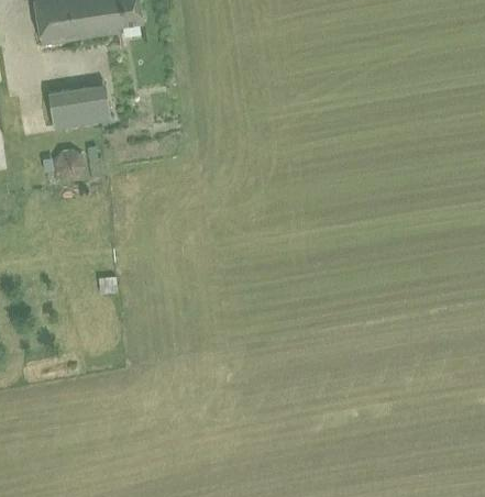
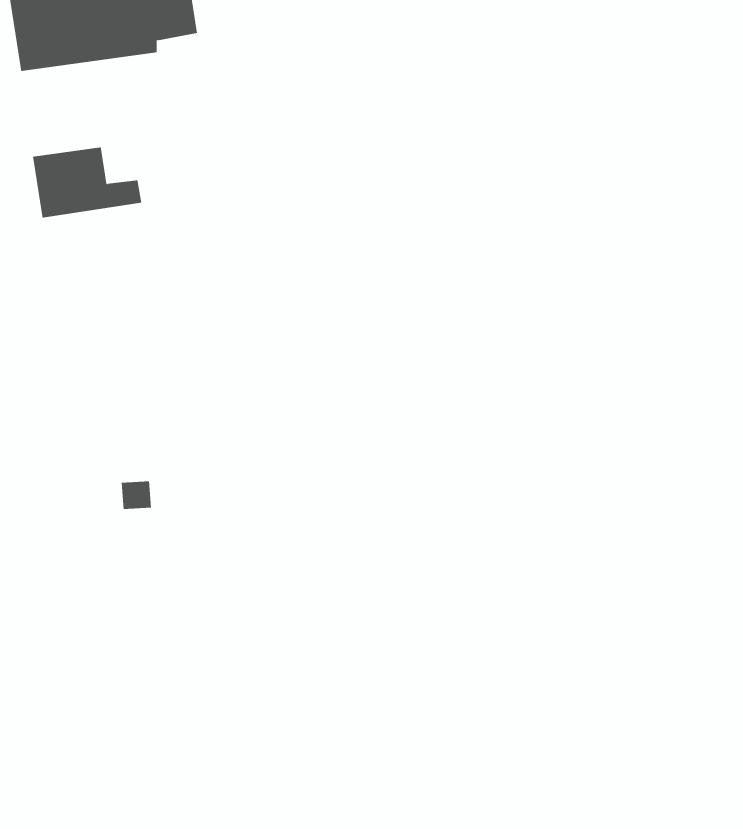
building: [54,147,81,176] -> none

